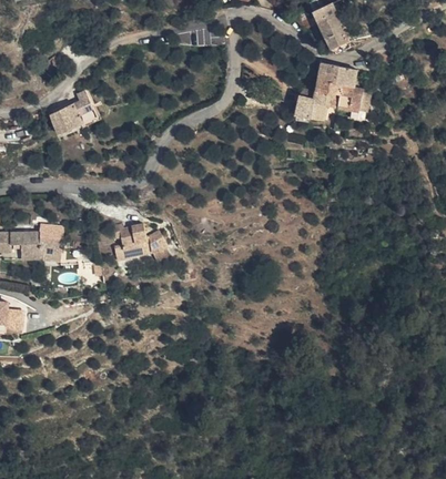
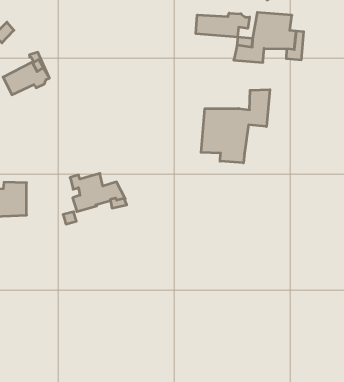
building: none -> [196,13,250,37]
building: none -> [201,90,270,163]

